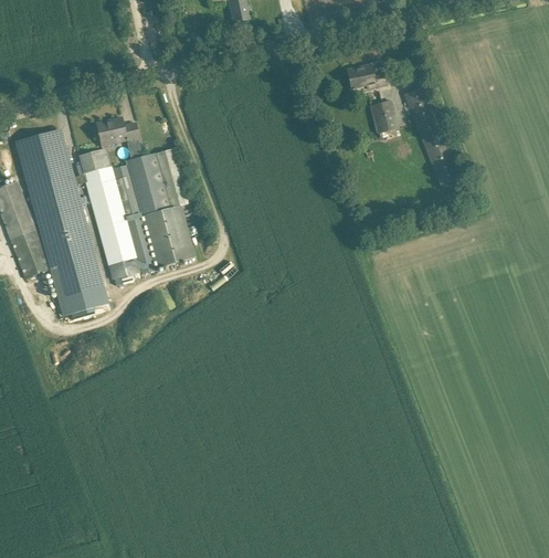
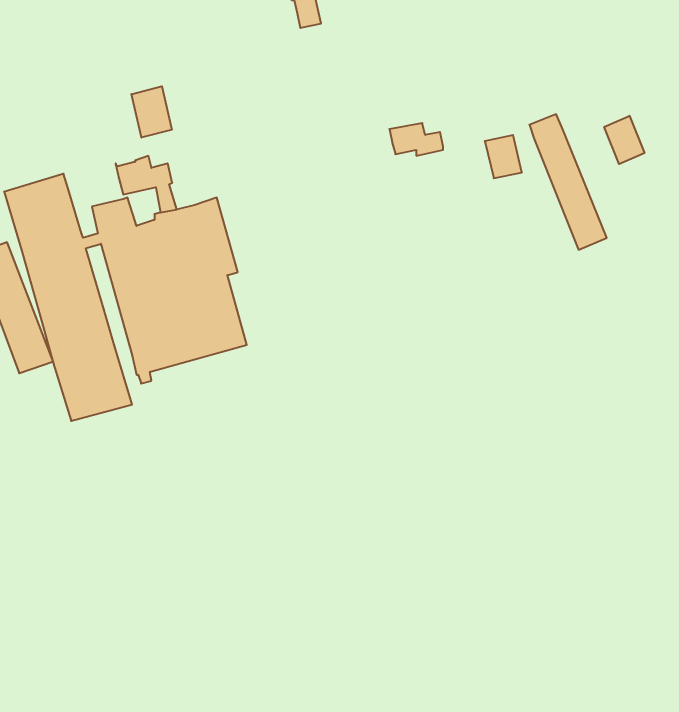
building: [346,64,386,88] -> [389,123,443,156]
building: none -> [131,86,172,138]
building: none -> [604,116,644,164]

